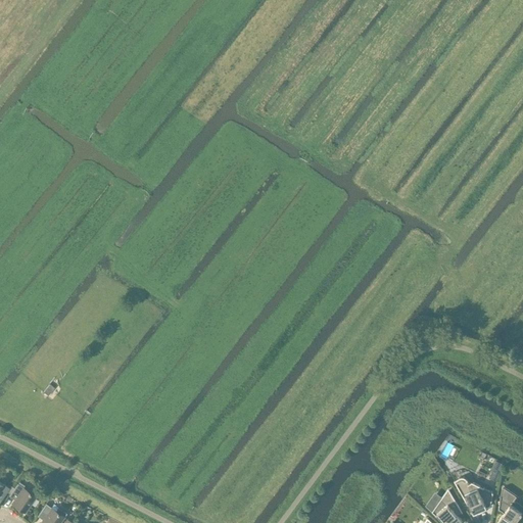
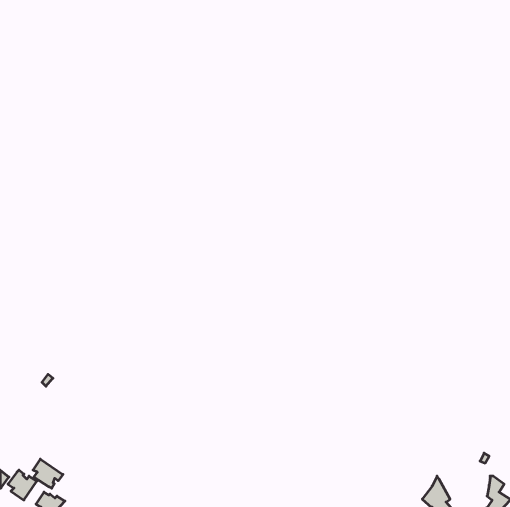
building: none -> [33,459,63,488]
building: [454,479,493,517] -> none

